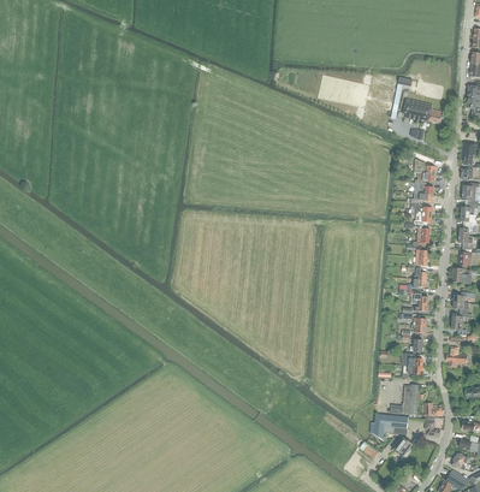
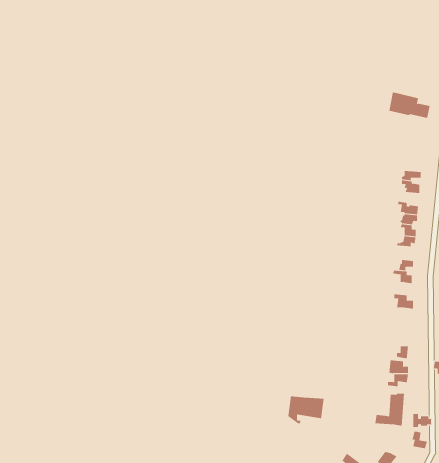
building: [373,414,408,440] -> [288,396,325,424]

